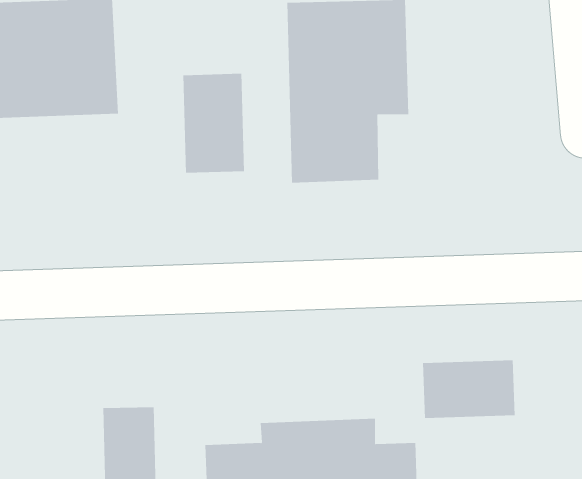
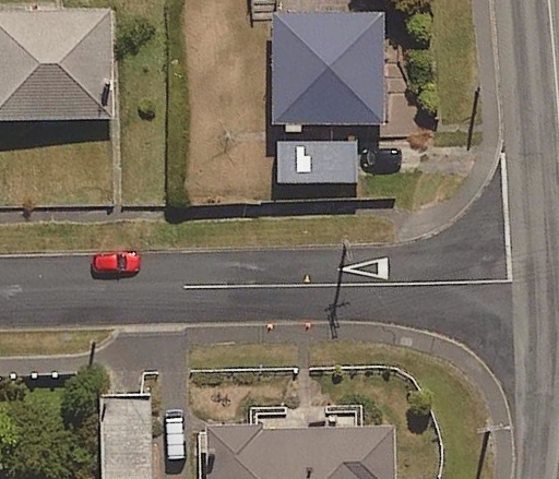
building: [183,73,245,174] -> none
building: [422,359,515,419] -> none

